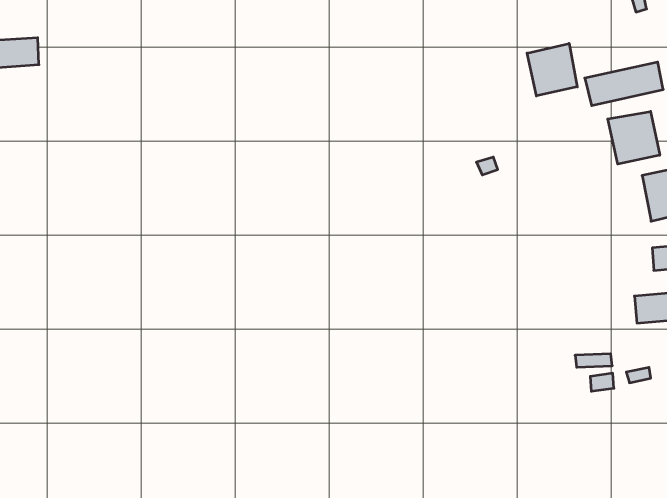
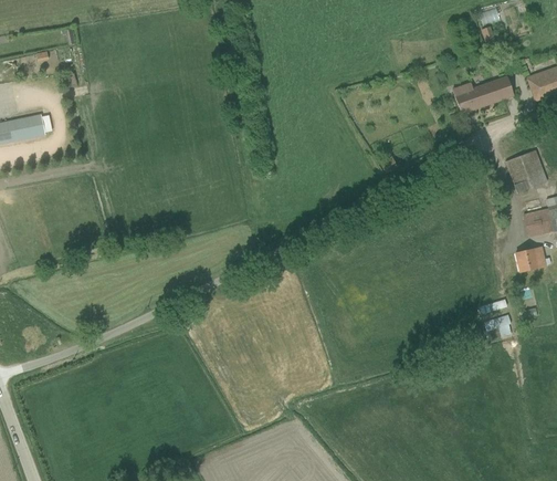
building: [527,43,577,96] -> none
building: [608,111,660,164] -> none

